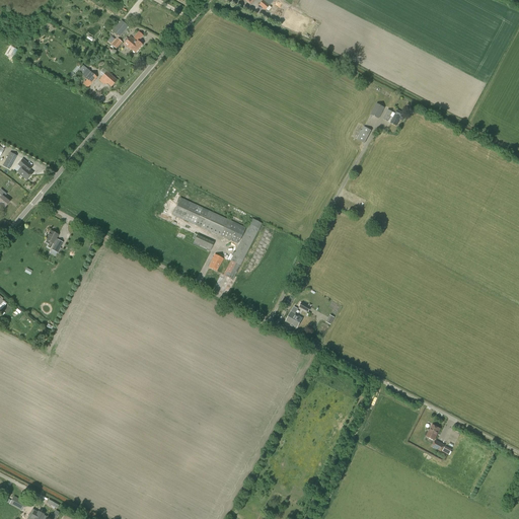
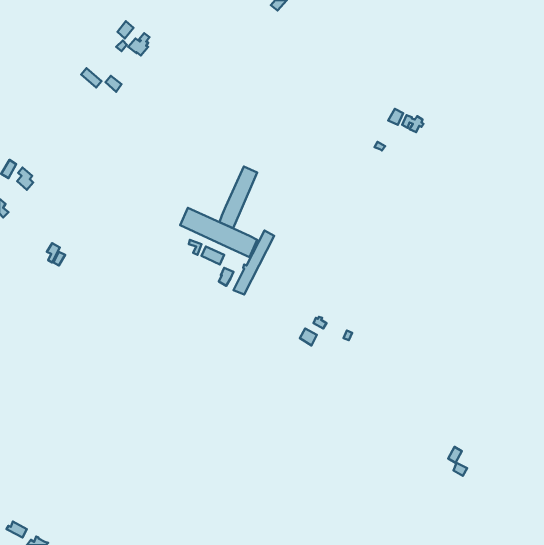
building: none -> [220,166,257,228]

